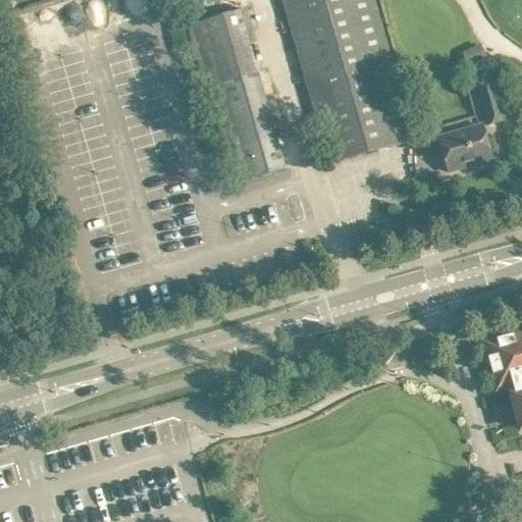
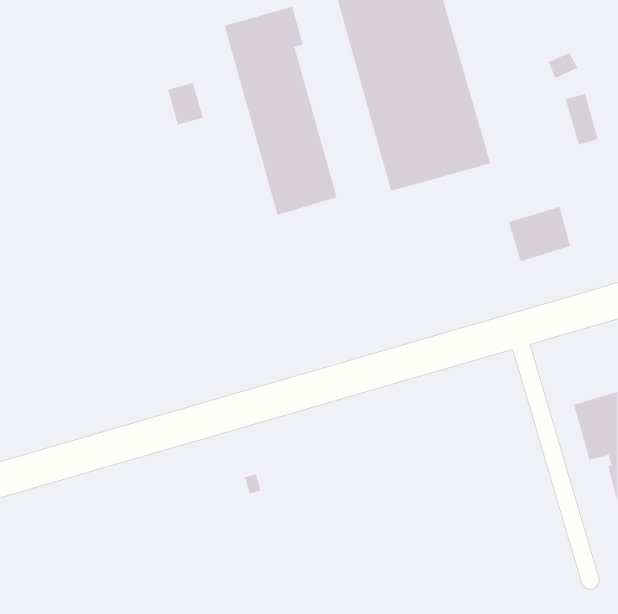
building: none -> [167,82,203,125]
building: [438,122,491,169] -> [508,206,571,262]

